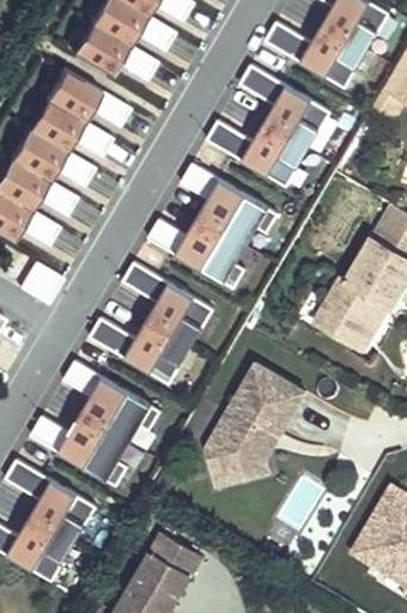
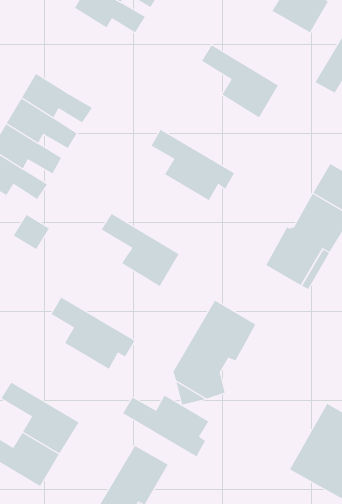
building: [72,20,157,80] -> none
building: [265,20,367,87] -> none
building: [45,66,130,127] -> none
building: [206,119,308,187] -> none
building: [147,216,249,289] -> none
building: [89,316,192,384] -> none
building: [30,413,132,486] -> [122,395,209,457]

